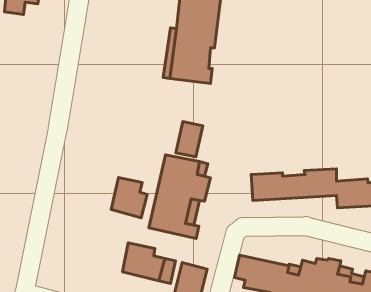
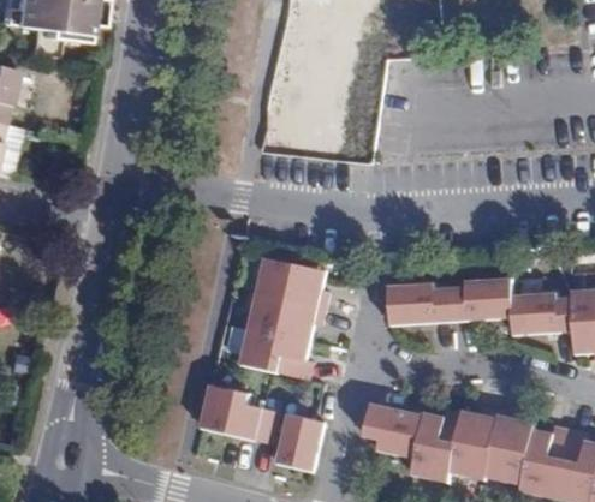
building: [176,122,203,157] -> none
building: [111,177,147,218] -> none

